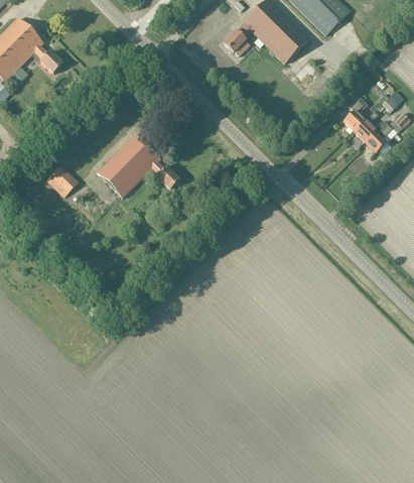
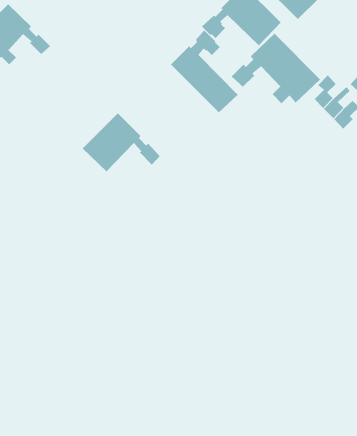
building: none -> [170,29,238,113]
building: none -> [231,33,321,104]
building: [45,164,79,198] -> none

